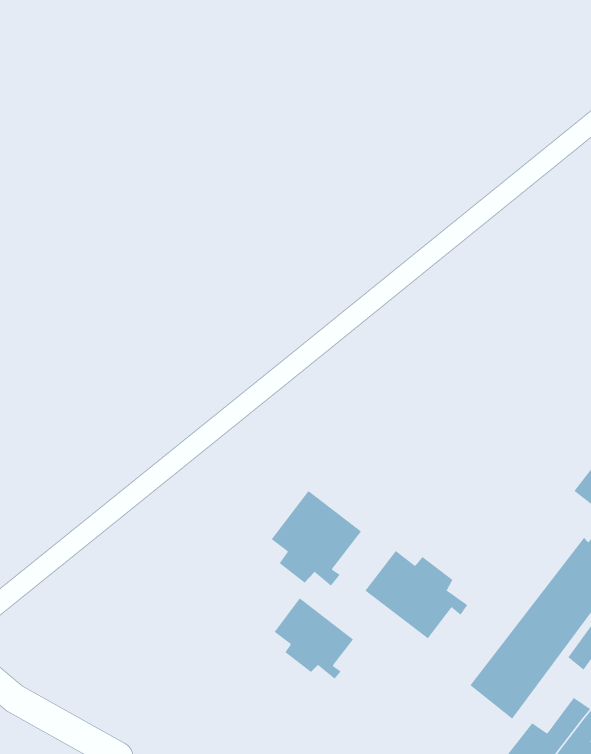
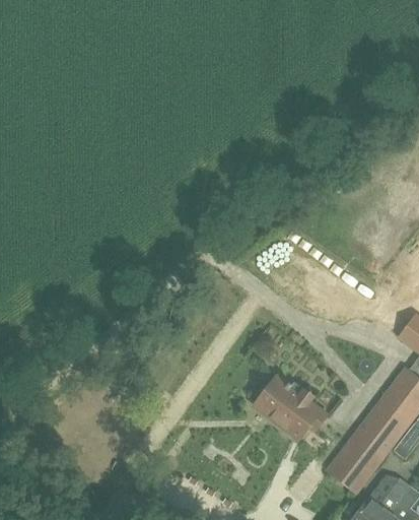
building: [271,490,362,587] -> none
building: [274,598,354,680] -> none

